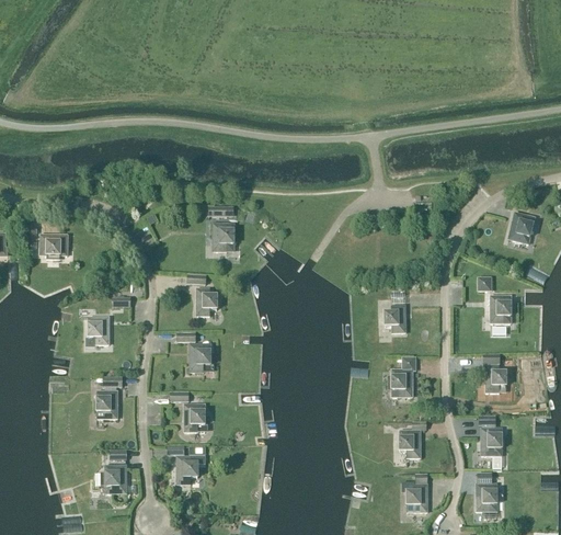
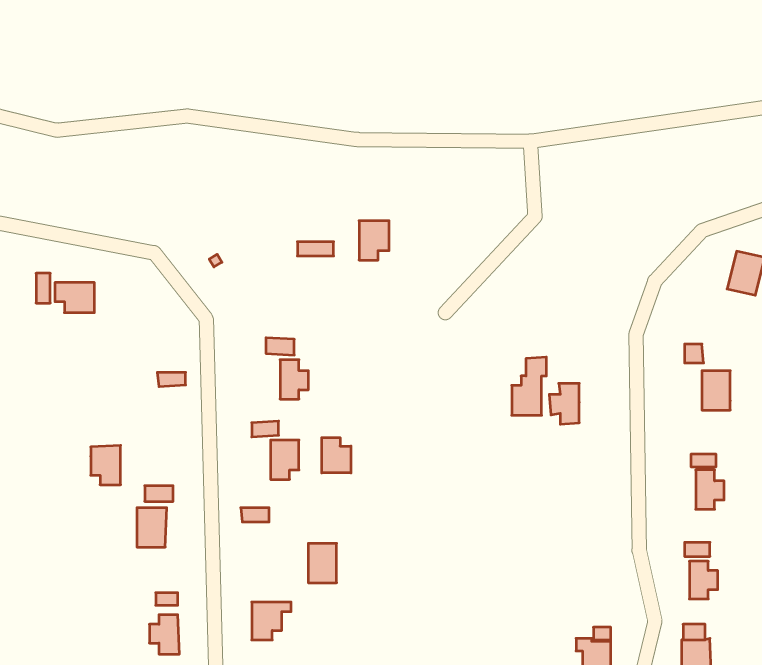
building: [213,224,233,251] -> [359,221,389,260]
building: [88,317,108,344] -> [91,445,121,485]
building: none -> [322,438,351,473]
building: [391,356,415,397] -> [512,357,546,415]
building: [184,405,204,432] -> [308,543,337,583]
building: [399,431,420,458] -> none

